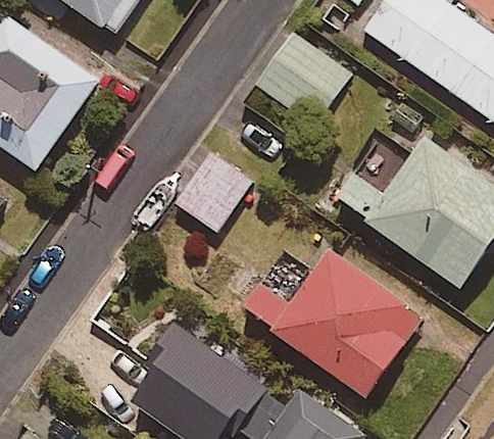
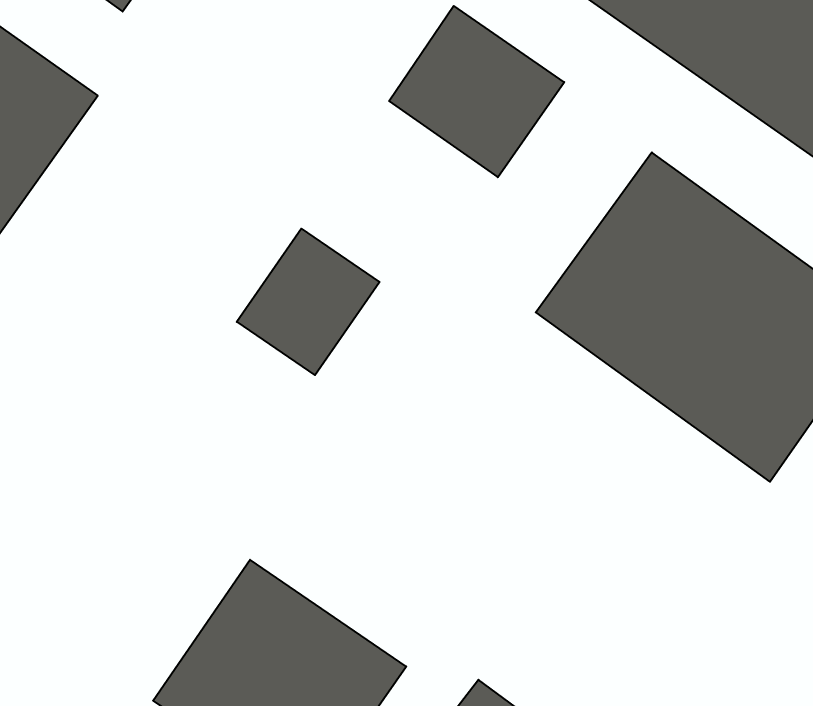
building: [244,252,423,397] -> none

